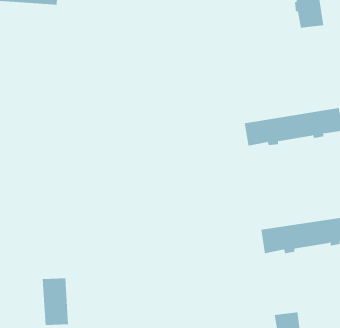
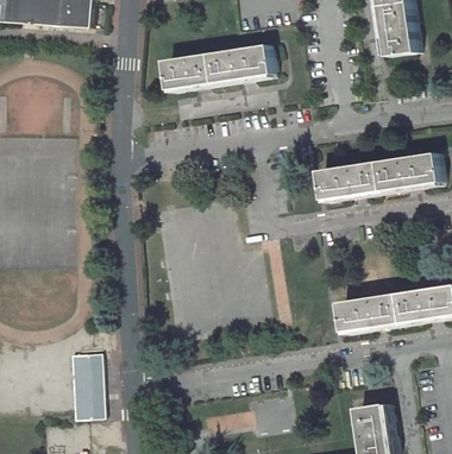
building: none -> [164,44,272,89]

